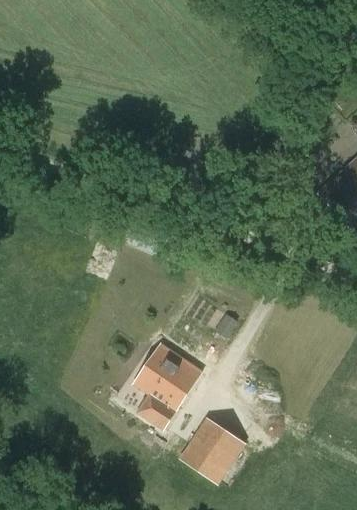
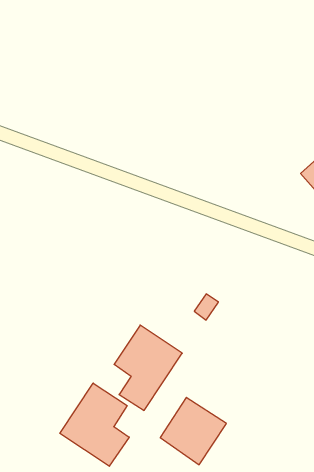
building: none -> [60,383,129,466]

